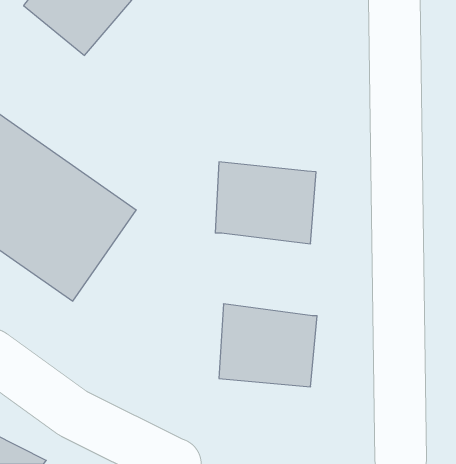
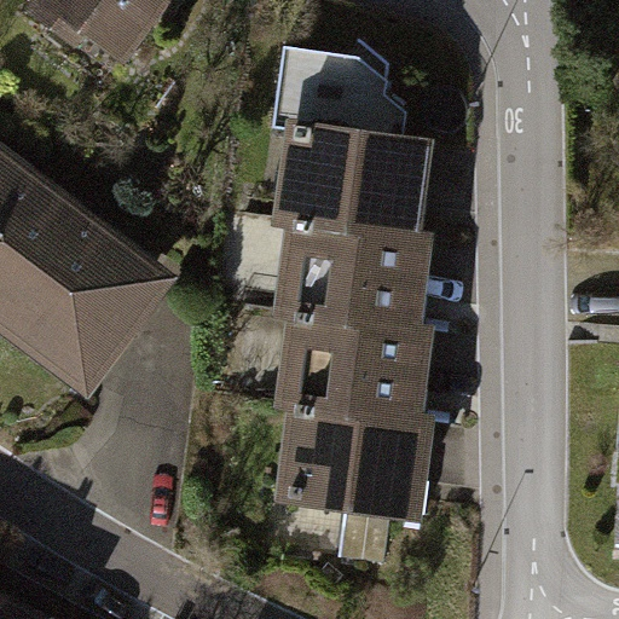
building: none -> [272,50,409,227]
building: none -> [289,310,422,420]

